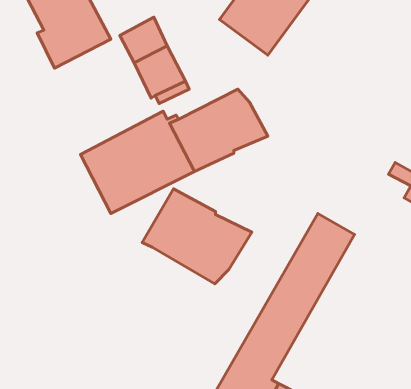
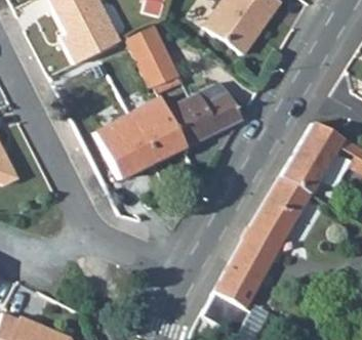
building: none -> [282,123,343,195]
building: [142,189,252,284] -> none

